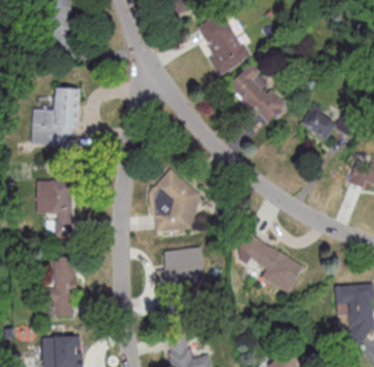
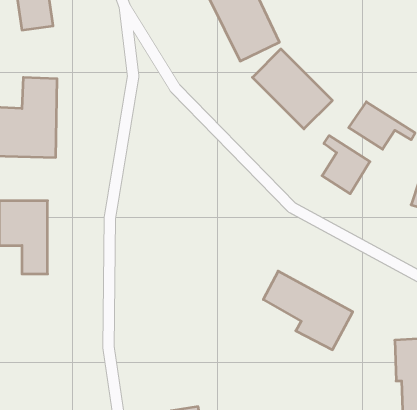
building: none -> [322,136,370,194]
building: [140,171,208,236] -> none
building: [155,246,205,291] -> none
building: [44,258,76,314] -> none

